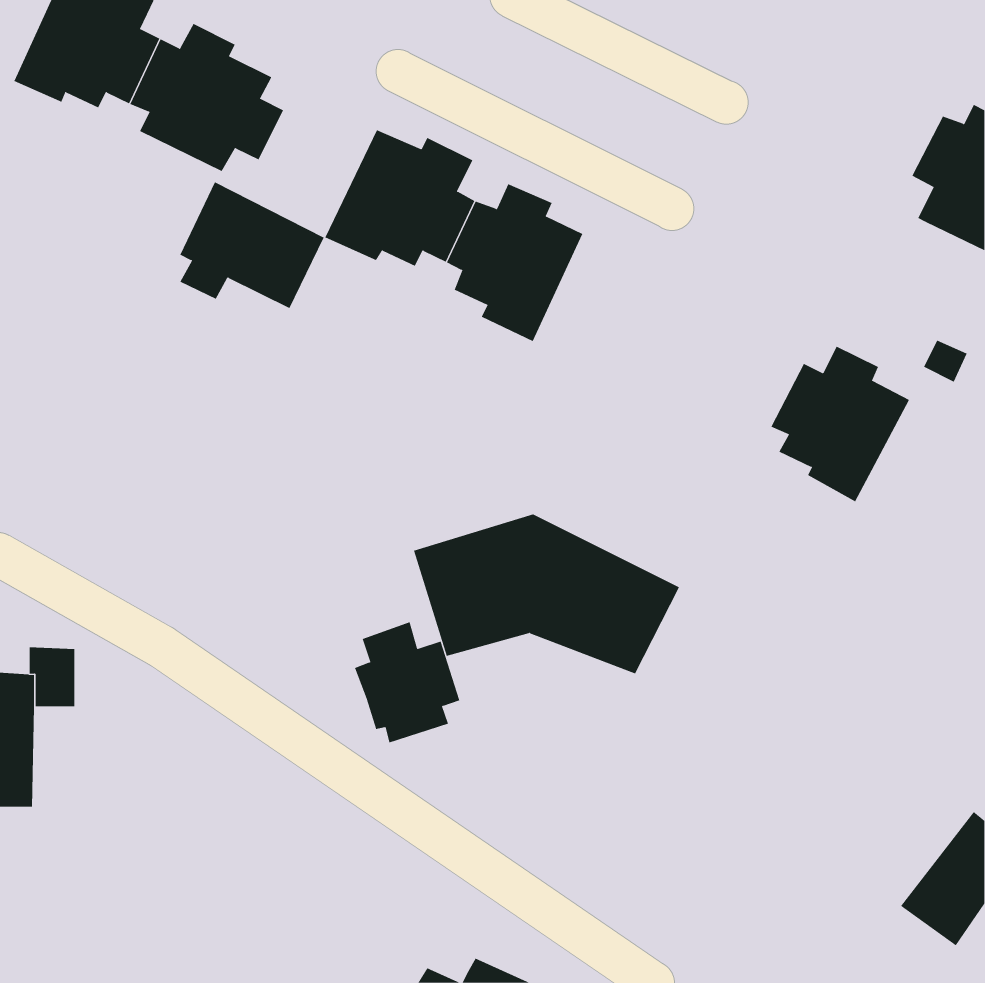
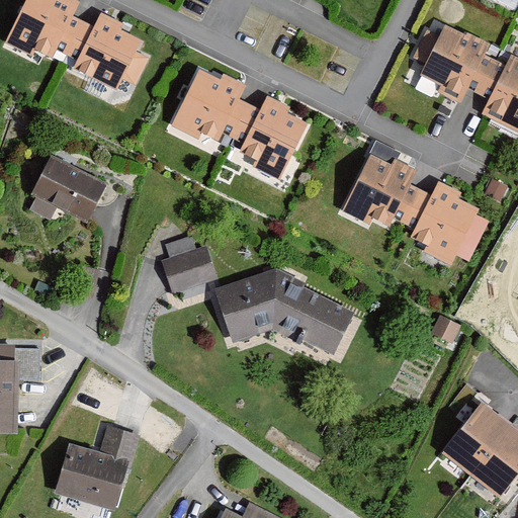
building: none -> [412,23,494,102]
building: [180,182,324,309] -> [30,155,106,222]
building: none -> [341,153,421,227]
building: [354,621,460,743] -> [161,236,217,299]
building: none -> [441,402,510,474]
building: none -> [55,424,137,508]

